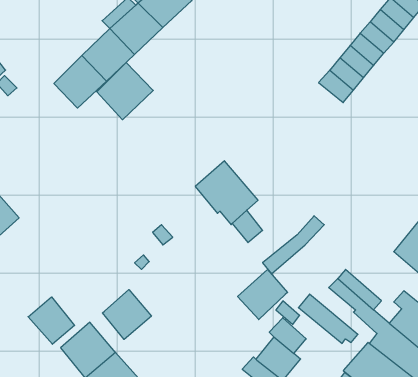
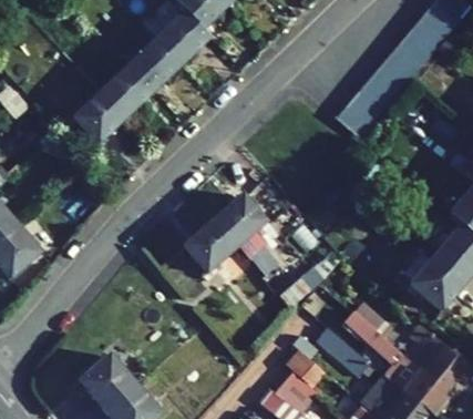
building: [97,62,153,120] -> none
building: none -> [184,221,236,272]
building: [238,269,288,320] -> none
building: [102,290,151,339] -> none
building: [28,297,75,344] -> none

